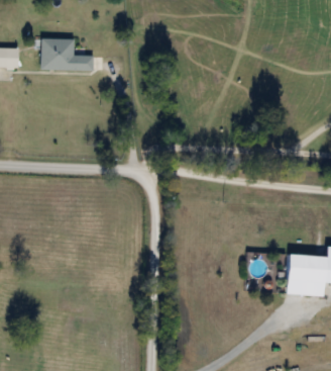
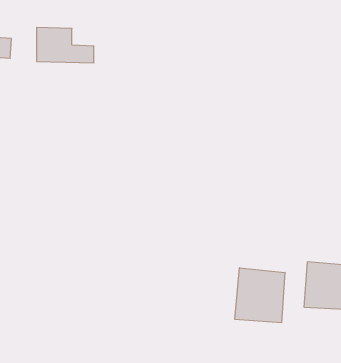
building: none -> [235,268,285,323]

